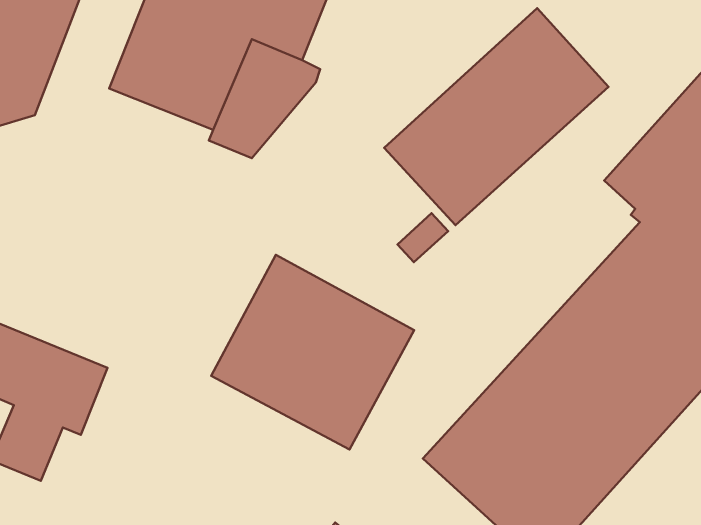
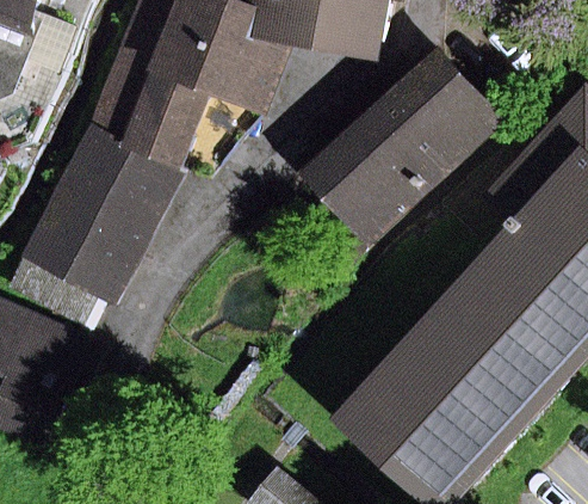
building: none -> [16,129,173,318]
building: [211,255,414,449] -> none

